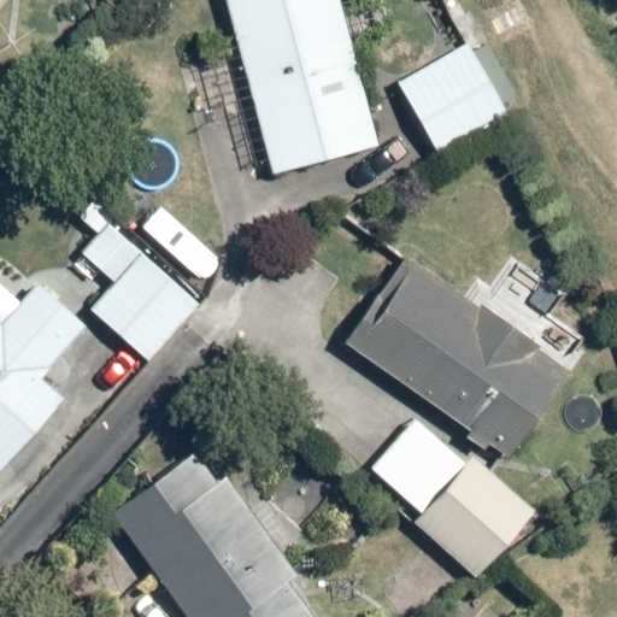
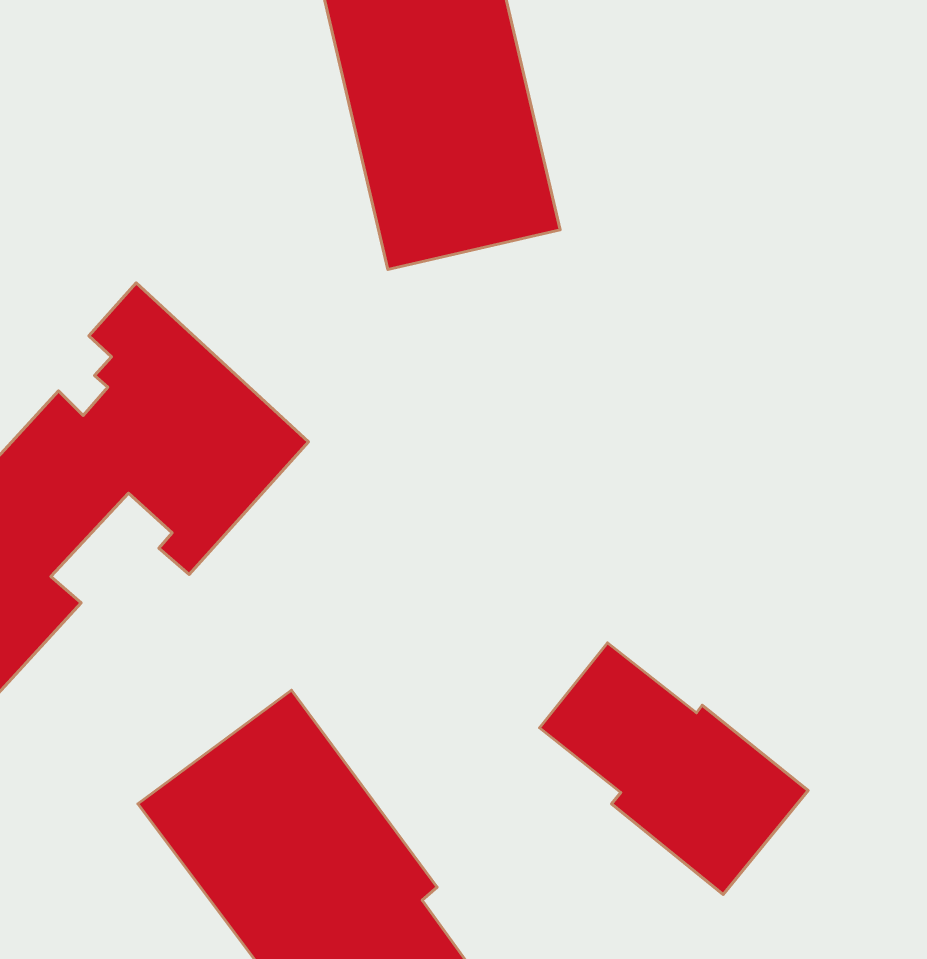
building: [393,43,507,154] -> none
building: [342,235,589,469] -> none

